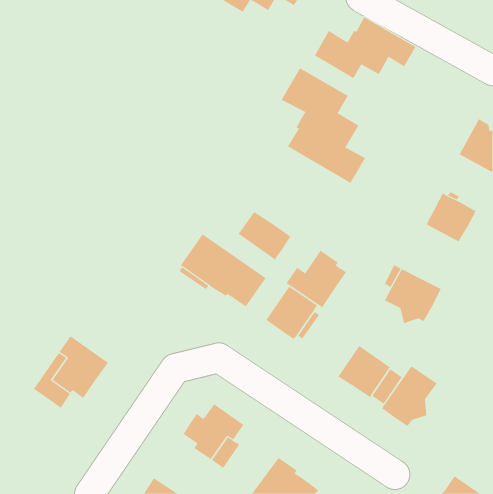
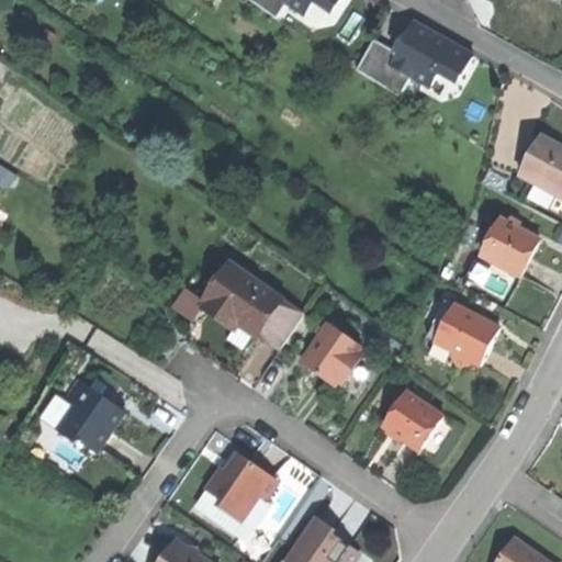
building: [281,68,366,184] -> none
building: [238,211,291,260] -> none
building: [286,250,347,308] -> none
building: [381,366,437,427] -> none

